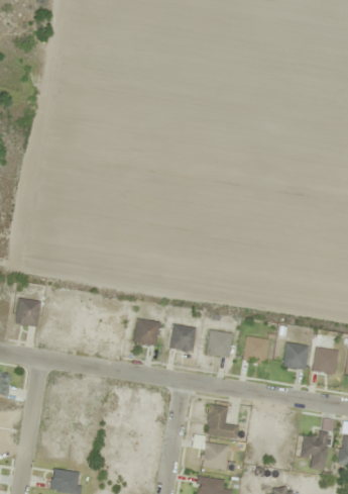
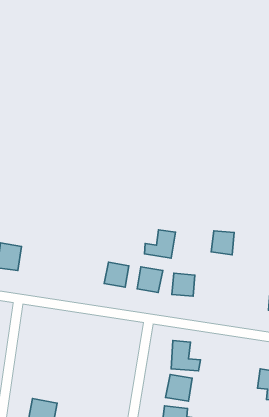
building: none -> [144,230,175,258]
building: [244,336,269,363] -> [211,231,234,255]
building: [283,342,310,370] -> none

